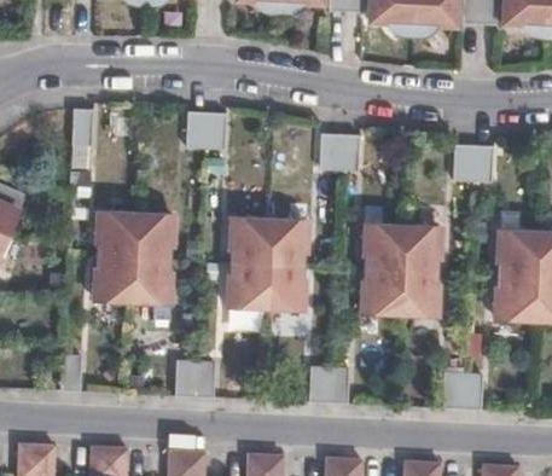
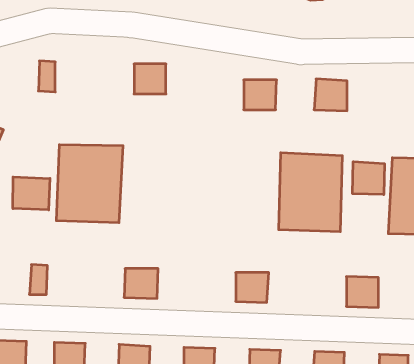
building: [452,140,492,179] -> [314,79,347,111]
building: [227,215,306,309] -> none
building: none -> [353,162,384,195]
building: none -> [13,177,50,210]

